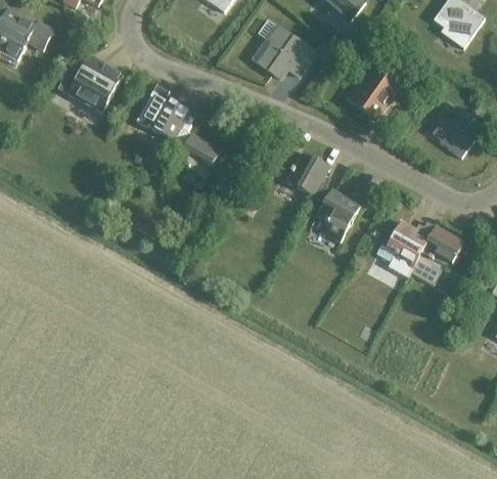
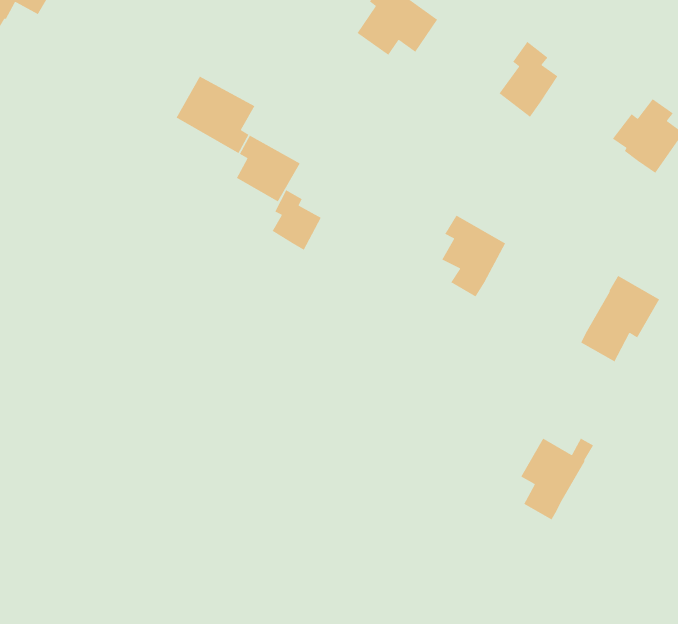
building: [55,54,123,113] -> none
building: [286,150,329,198] -> none
building: none -> [271,189,322,251]
building: [386,220,436,276] -> [520,438,594,521]

